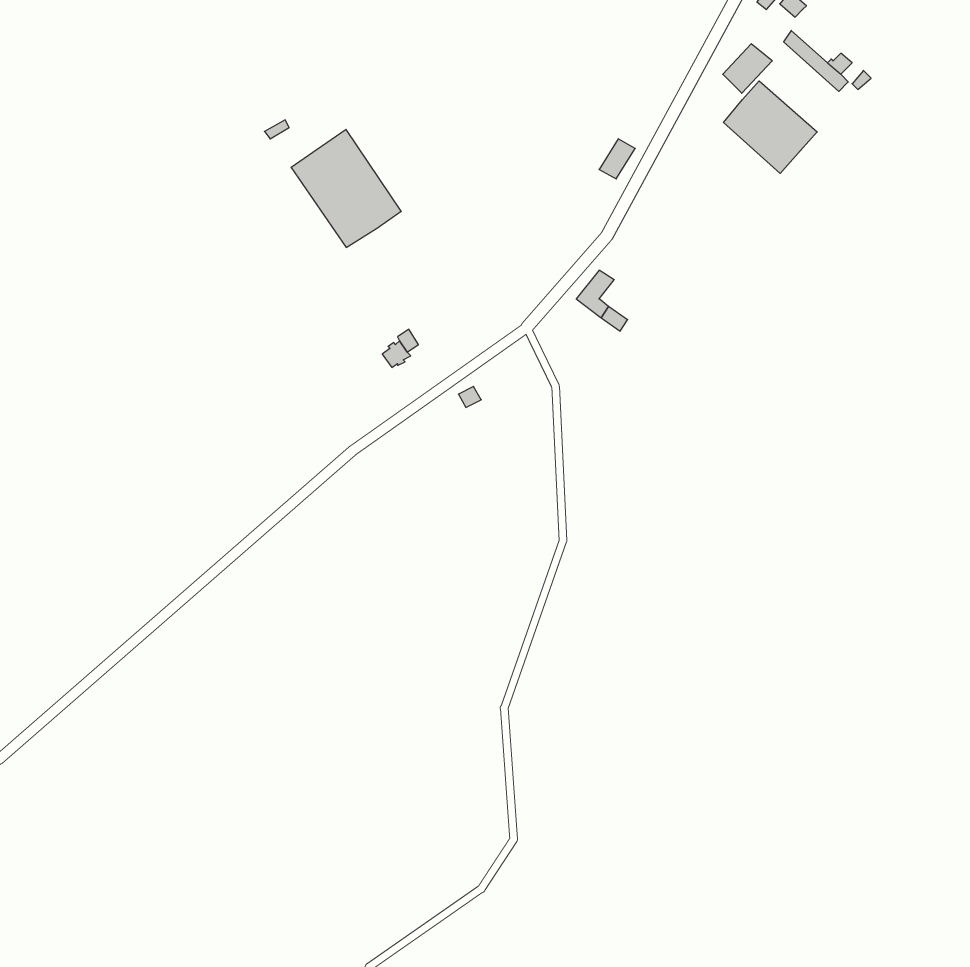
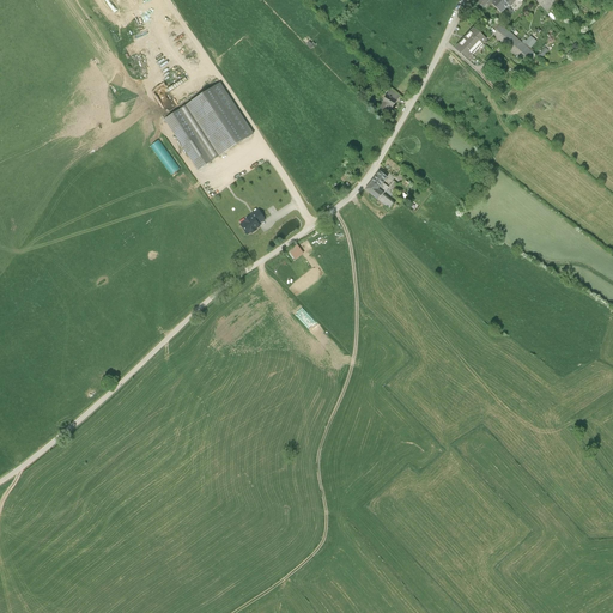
building: [724,81,817,173] -> none
building: none -> [163,105,218,170]

